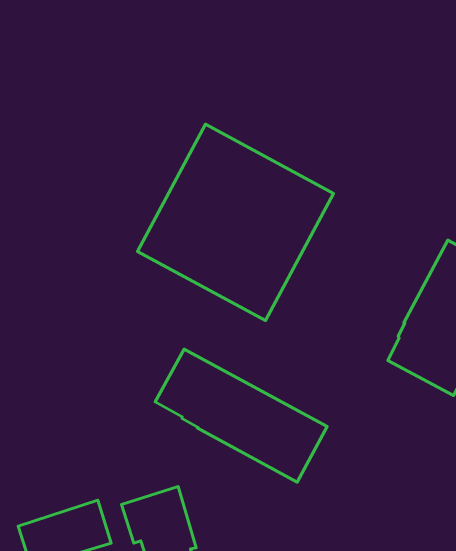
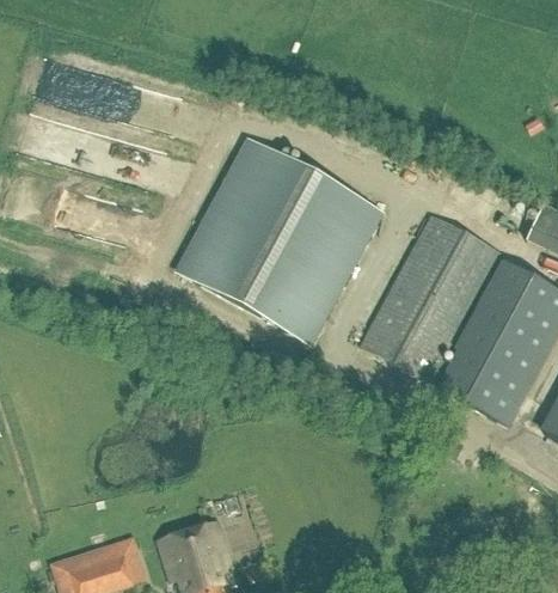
building: none -> [361,213,503,387]
building: [155,349,327,482] -> none

